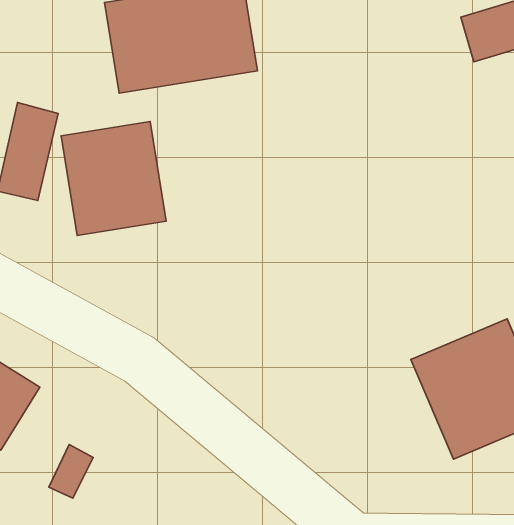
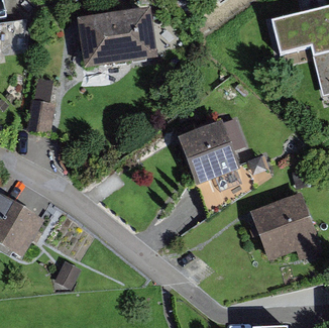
building: [61,121,166,236] -> none
building: none -> [180,122,248,190]

